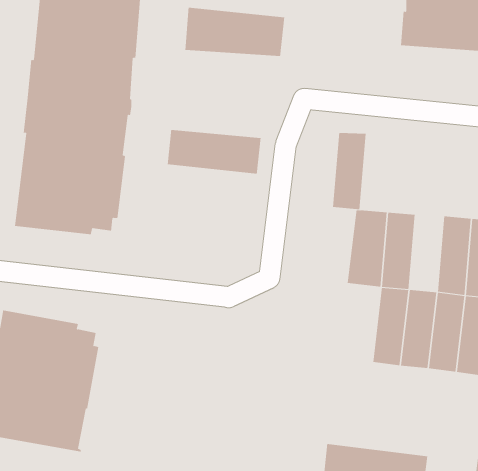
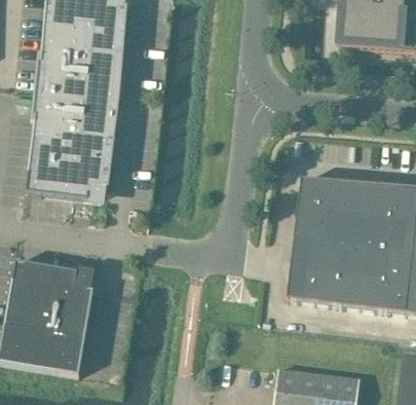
building: [185,7,285,57] -> none
building: [167,129,261,175] -> none
building: [332,132,366,210] -> [345,181,373,244]
building: none -> [288,236,323,300]

